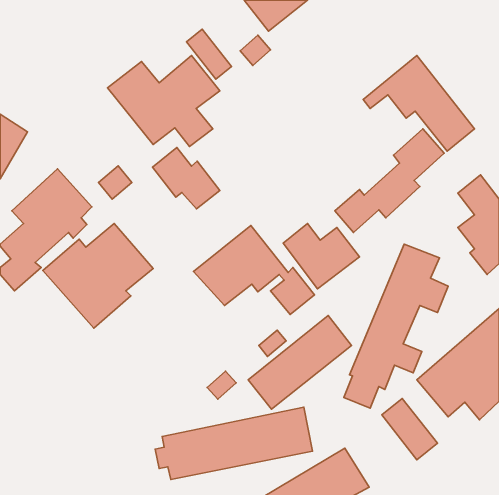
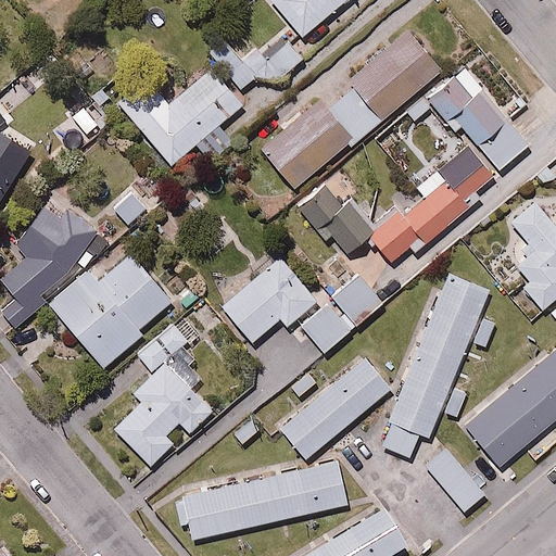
building: none -> [260,28,443,191]
building: [152,147,220,209] -> [299,186,374,254]
building: none -> [115,325,213,465]

